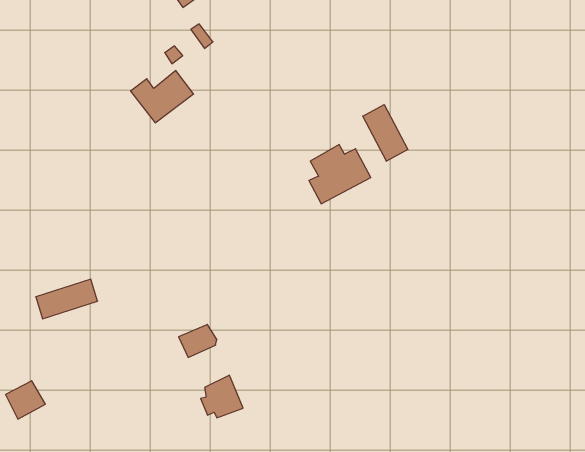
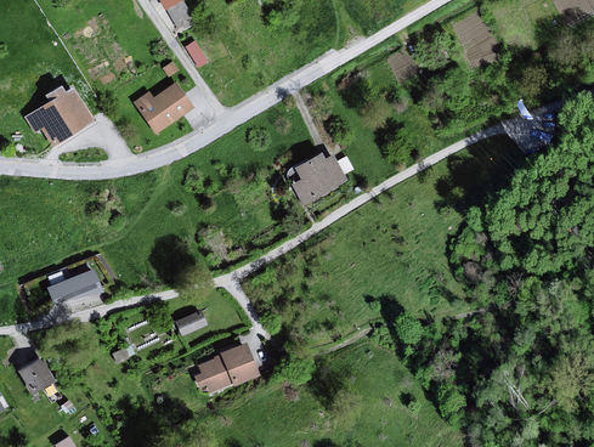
building: none -> [24,83,92,145]
building: [363,105,408,161] -> none
building: none -> [221,343,264,387]

